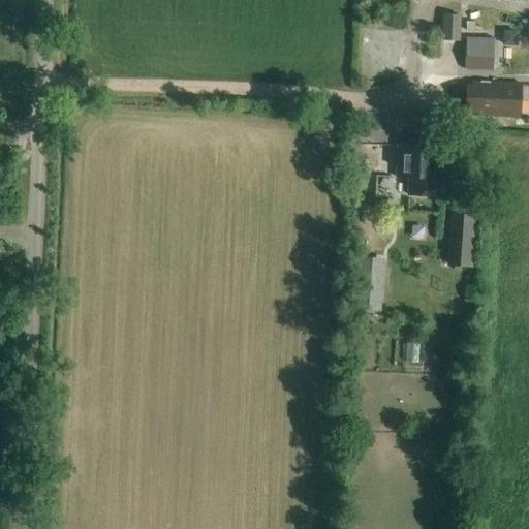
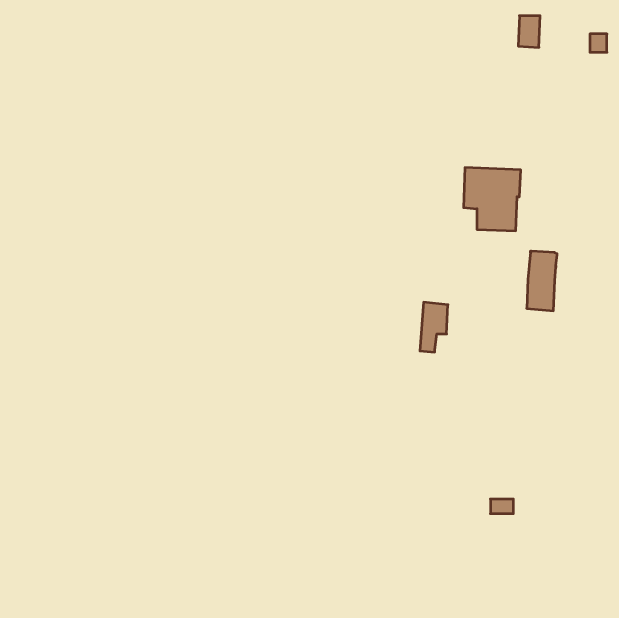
building: [465,37,495,70] -> none
building: [466,81,522,116] -> none

